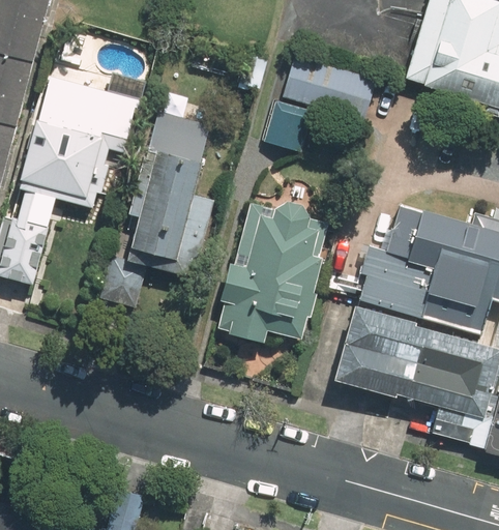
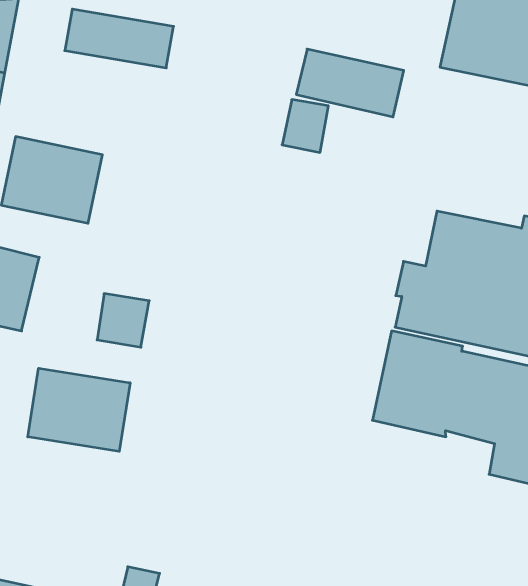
building: [35,80,129,135] -> [65,9,174,68]
building: [131,110,216,266] -> none
building: [217,206,325,344] -> none
building: none -> [28,368,130,451]

